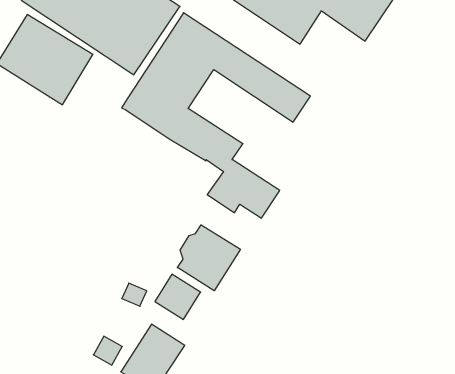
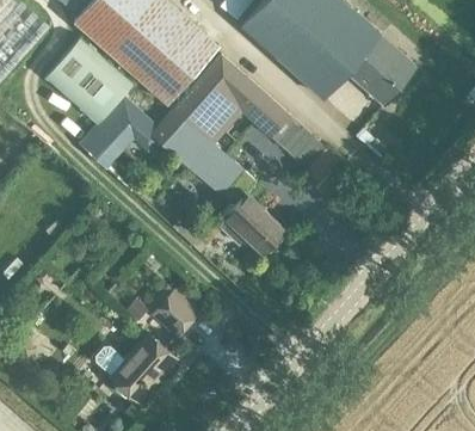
building: none -> [87,105,154,160]
building: [177,225,240,291] -> none

